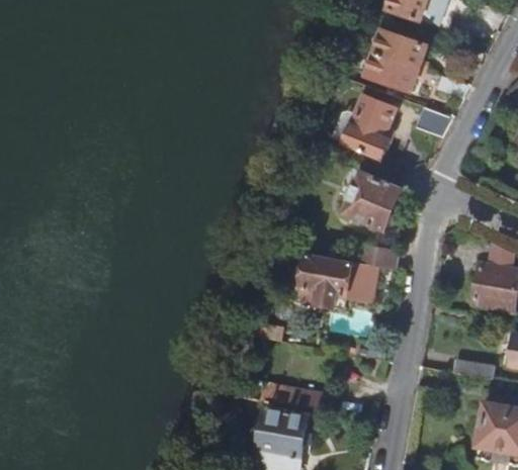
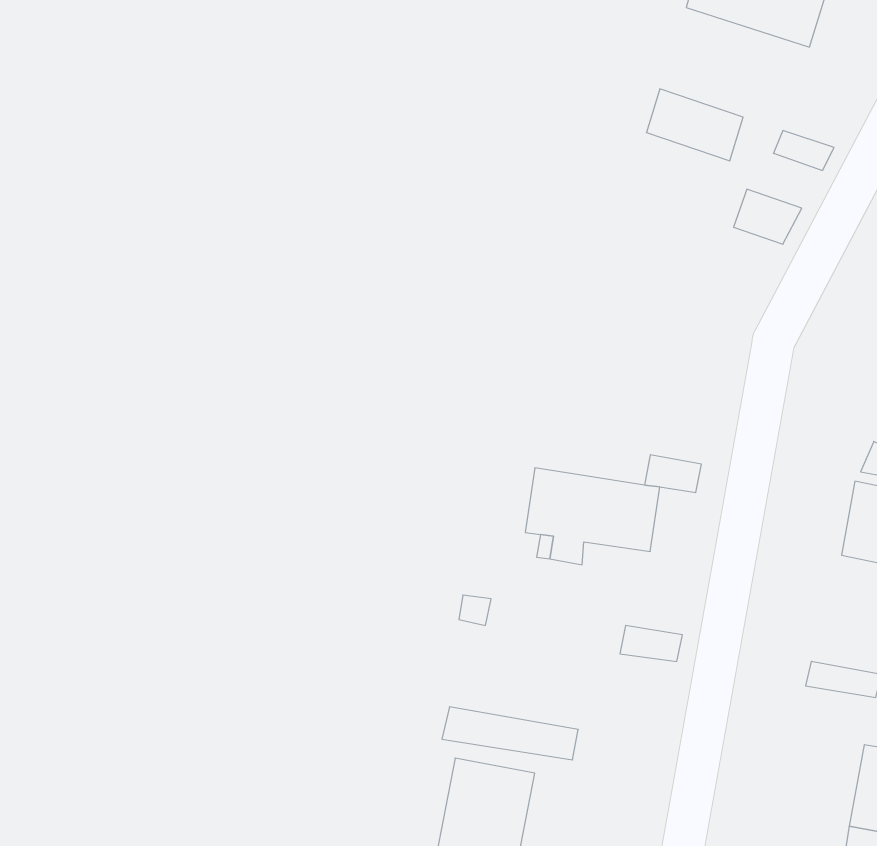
building: [375,30,428,69] -> none
building: [332,98,394,159] -> none
building: [345,174,402,230] -> none

